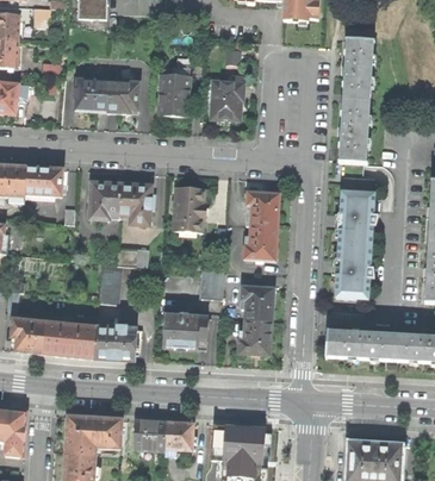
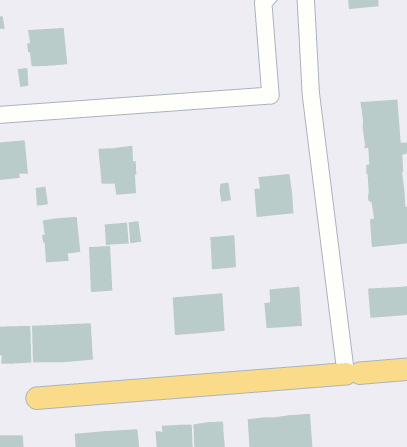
building: [159,74,189,115] -> none
building: [106,80,139,112] -> none
building: [211,80,243,118] -> none
building: [338,98,369,162] -> none
building: [88,182,120,219] -> [41,217,81,263]
building: [173,187,206,231] -> none
building: [246,192,279,226] -> none
building: [242,285,273,320] -> none
building: [93,326,136,360] -> none

